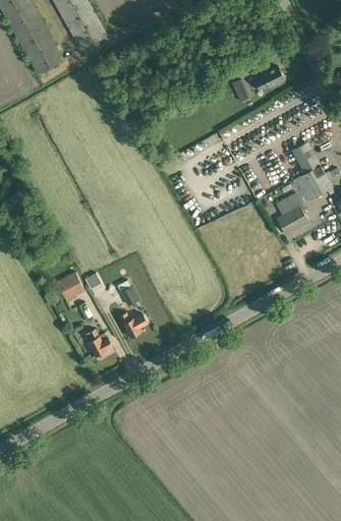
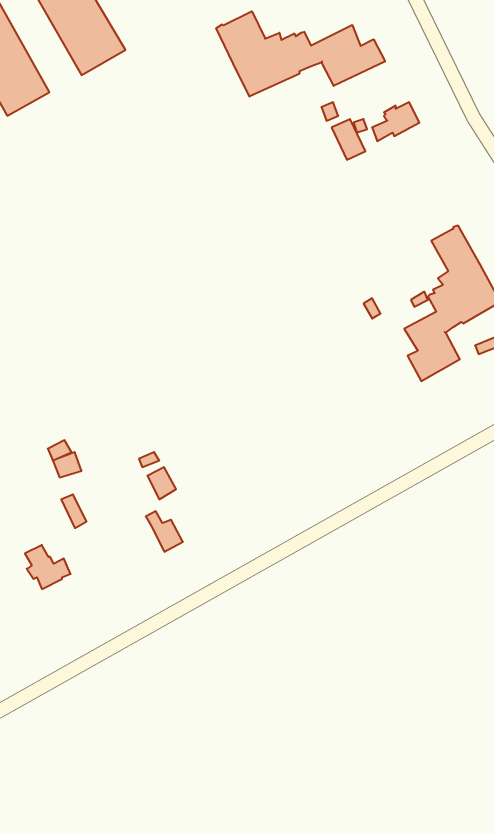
building: none -> [216,11,385,97]
building: [87,330,114,356] -> [25,545,71,589]

